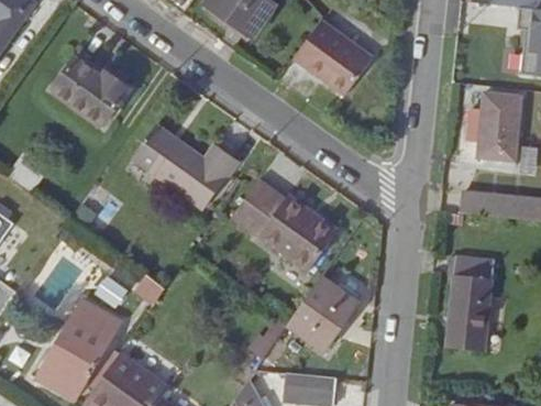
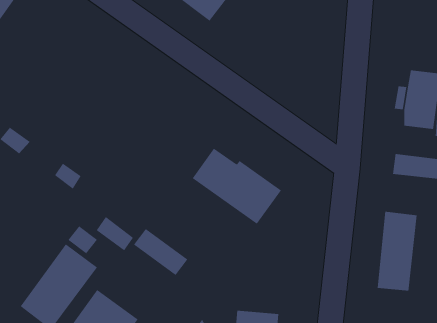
building: [296,25,371,98] -> none
building: [55,57,130,121] -> none
building: [133,124,236,208] -> none
building: [289,275,358,347] -> none
building: none -> [133,228,188,276]

